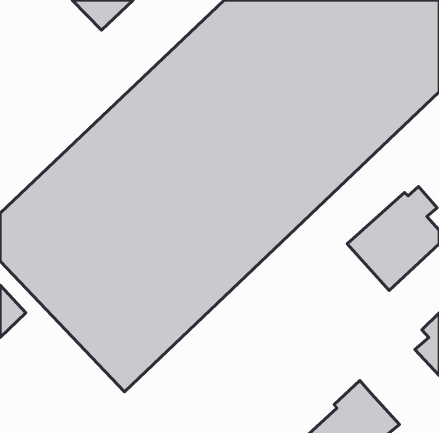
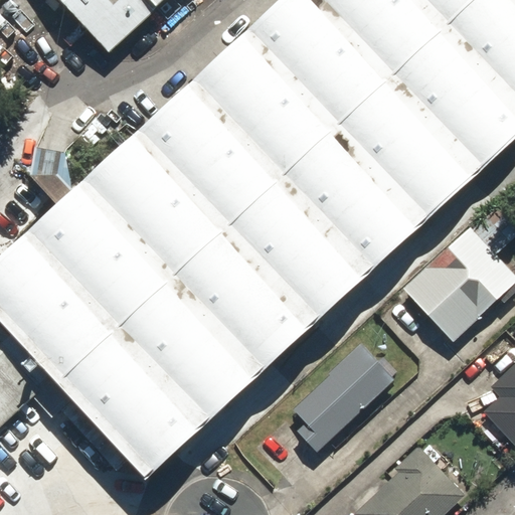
building: none -> [295,351,397,459]

